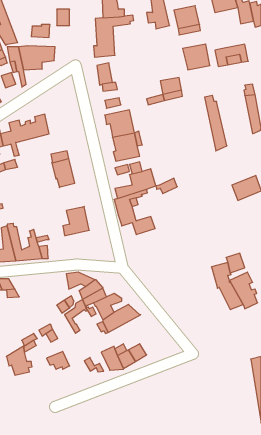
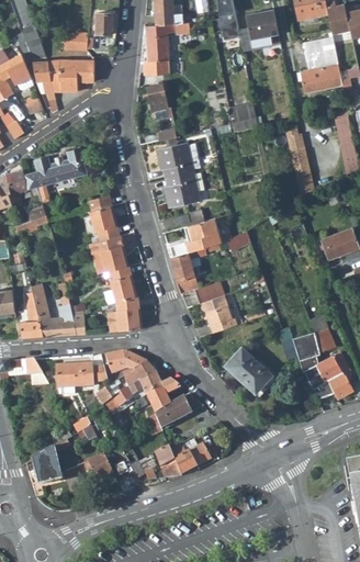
building: [183,44,210,70] -> [302,31,337,64]
building: none -> [90,237,128,274]
building: none -> [196,295,233,333]
building: none -> [106,297,140,331]
building: none -> [224,347,272,396]
building: none -> [56,363,108,396]

